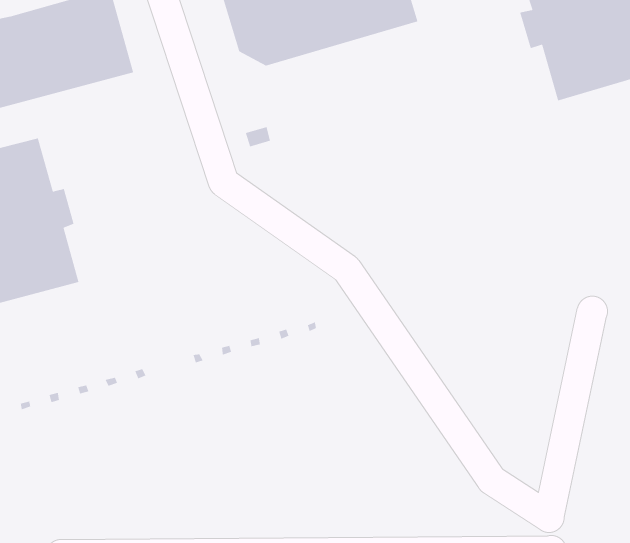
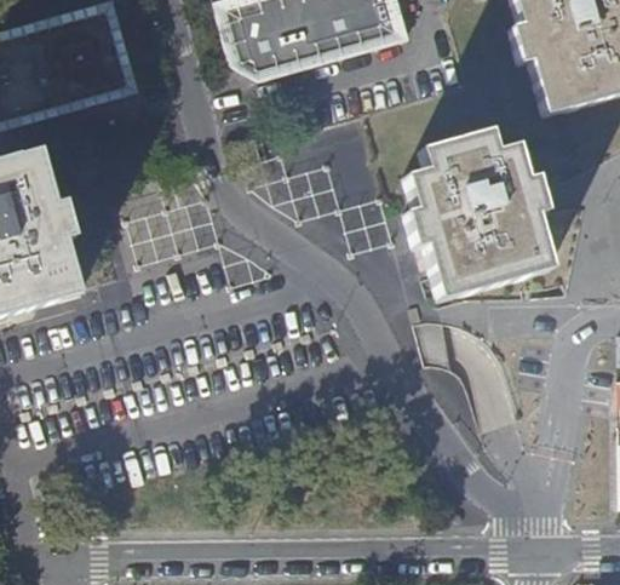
building: none -> [404,130,552,299]

